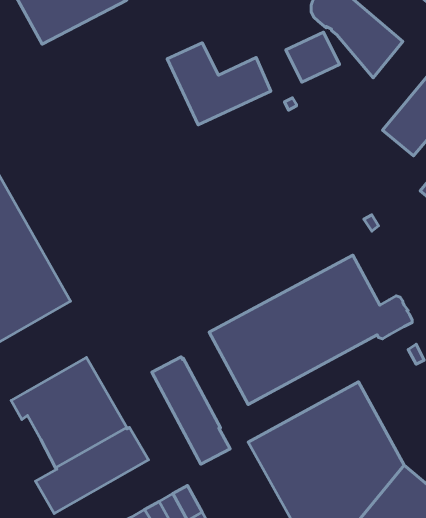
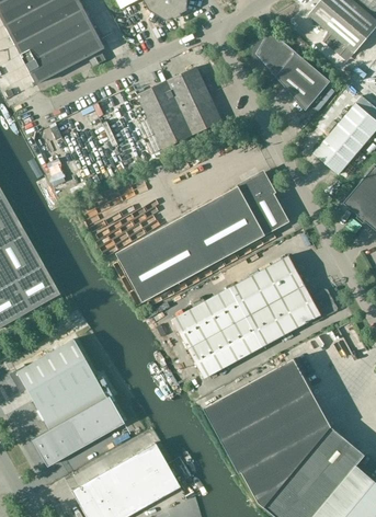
building: [286,32,340,82] -> [167,68,210,108]
building: none -> [117,172,290,301]
building: [152,357,230,464] -> none

